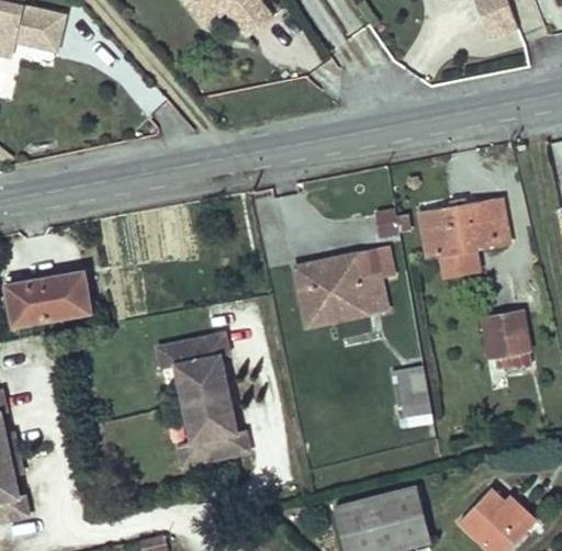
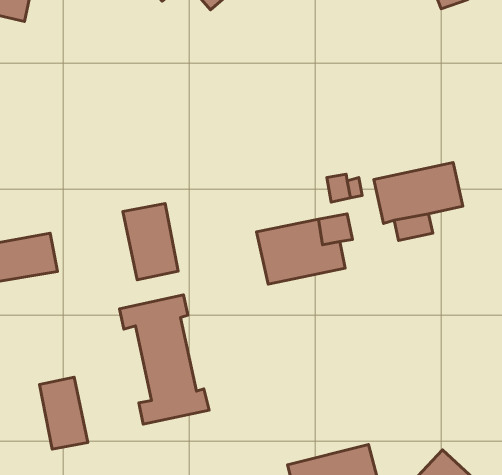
building: none -> [123,204,178,280]
building: [481,310,532,368] -> none
building: [395,367,428,413] -> none
building: none -> [39,377,88,449]

